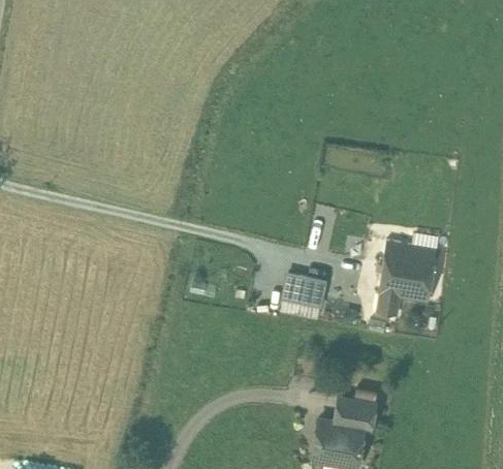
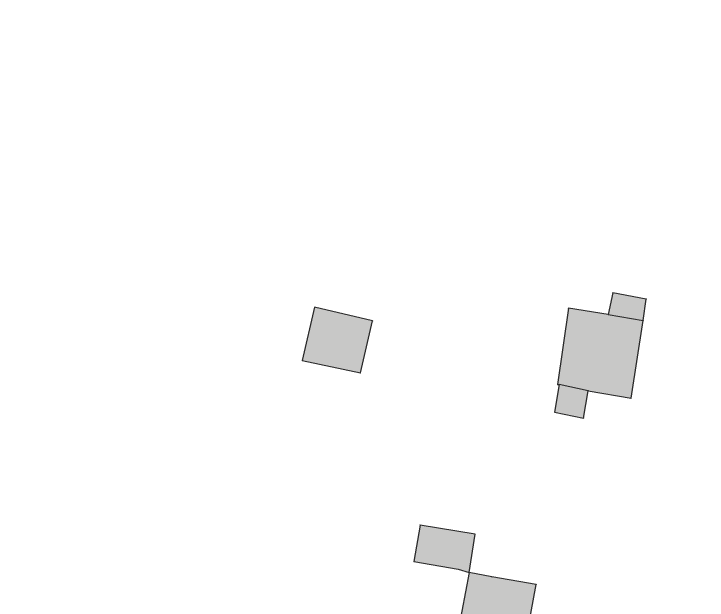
building: [279,271,326,315] -> [302,307,373,373]
building: [336,398,377,430] -> [414,525,475,572]

